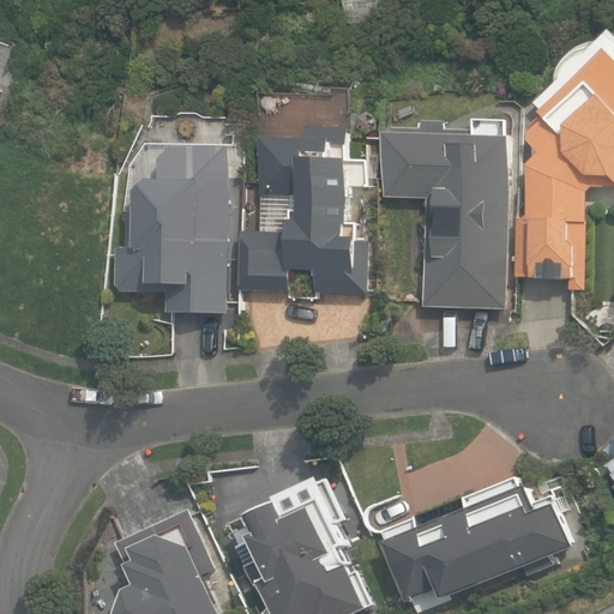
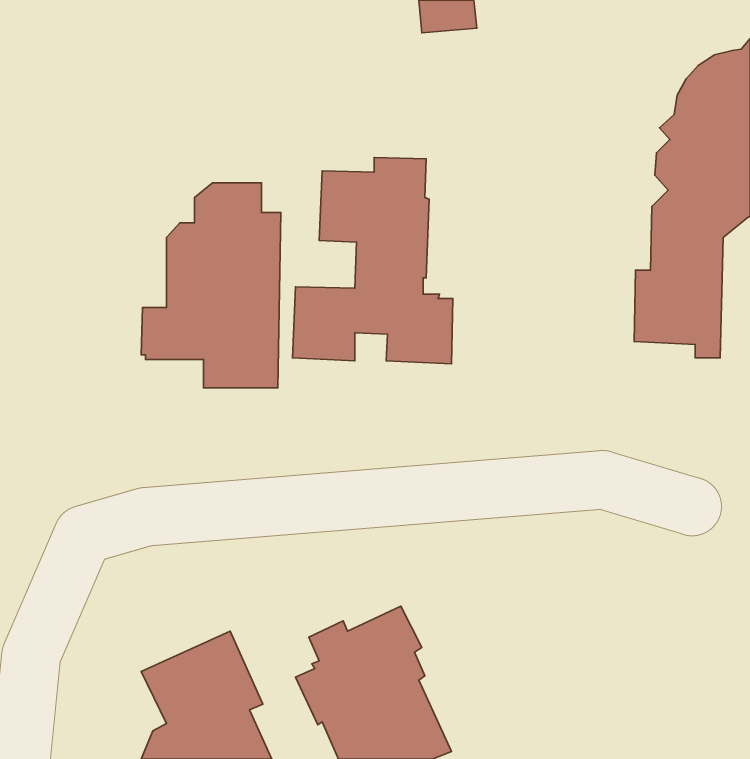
building: [384,121,507,308] -> none
building: [379,476,570,598] -> none

